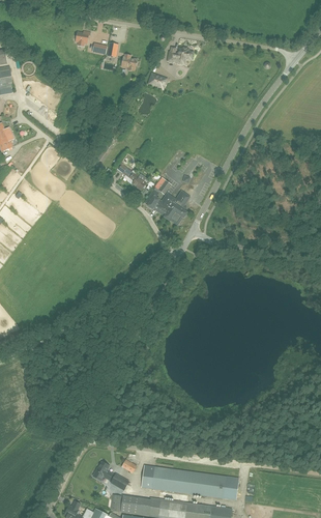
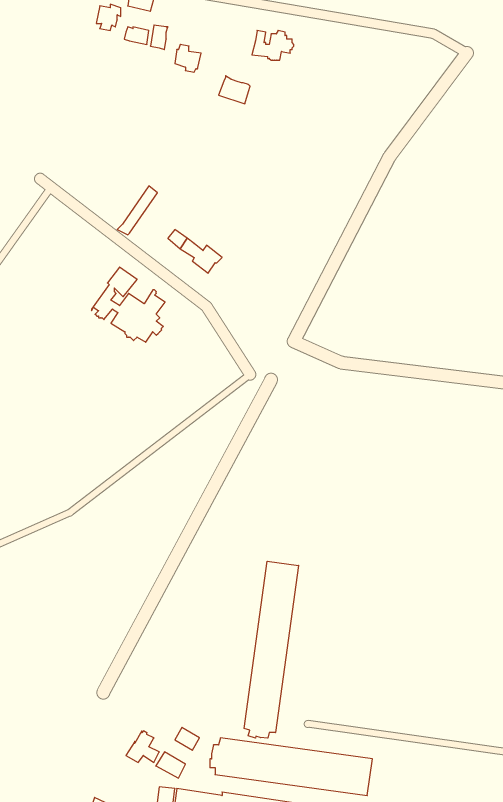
building: [145,177,188,222] -> [92,267,165,342]
building: none -> [244,561,299,738]

